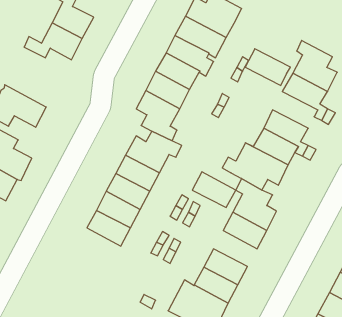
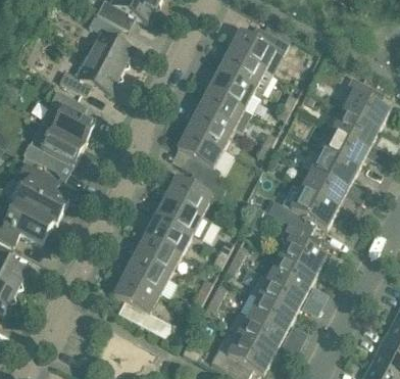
building: [245,49,290,85] -> [320,131,368,170]
building: none -> [38,92,93,147]
building: [192,172,236,207] -> [258,278,304,316]
building: none -> [113,275,170,338]

